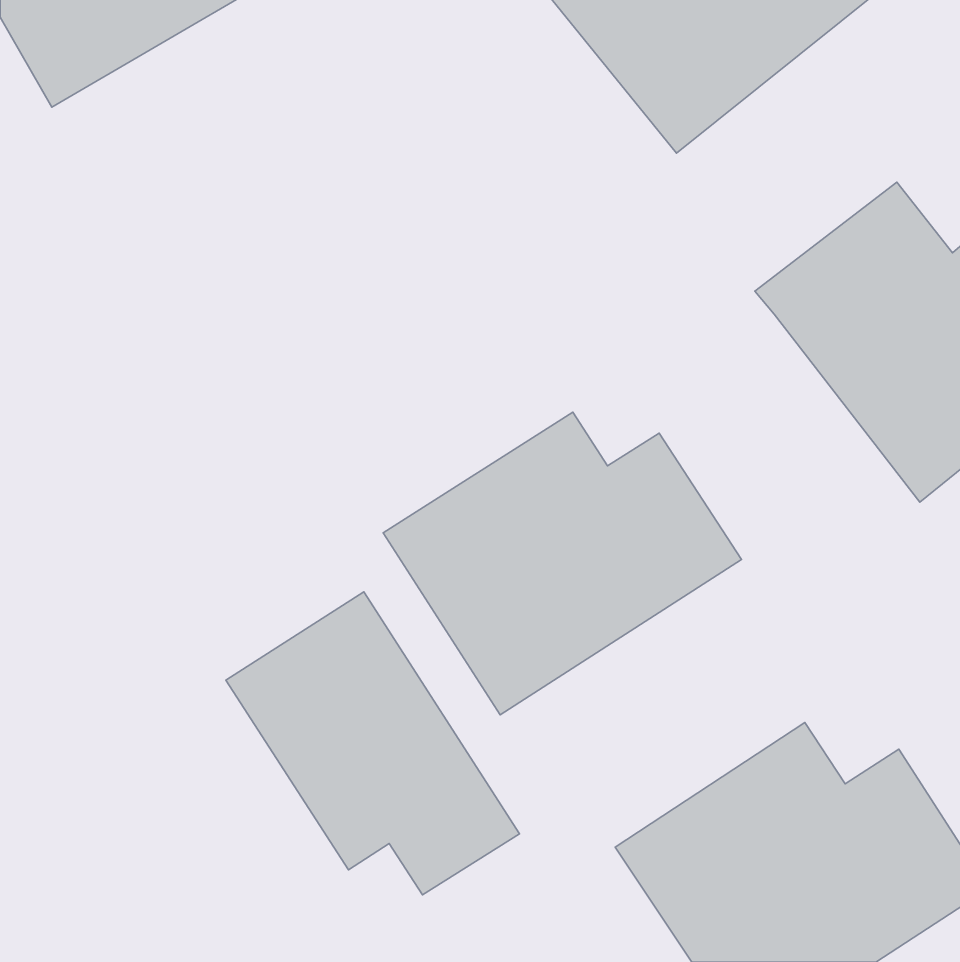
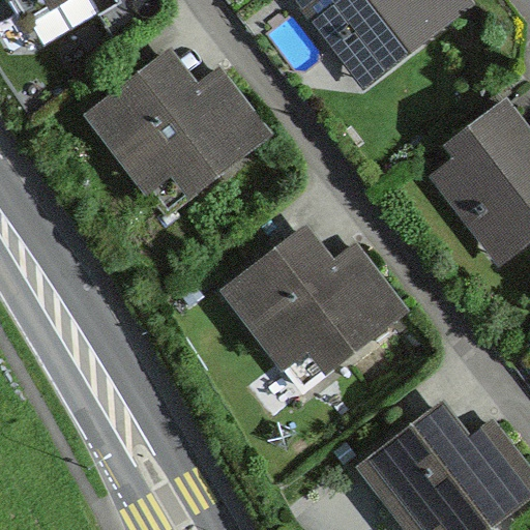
building: none -> [78,52,293,230]
building: [226,592,519,895] -> none

